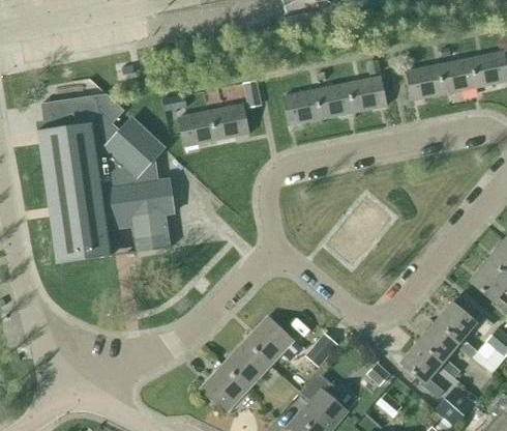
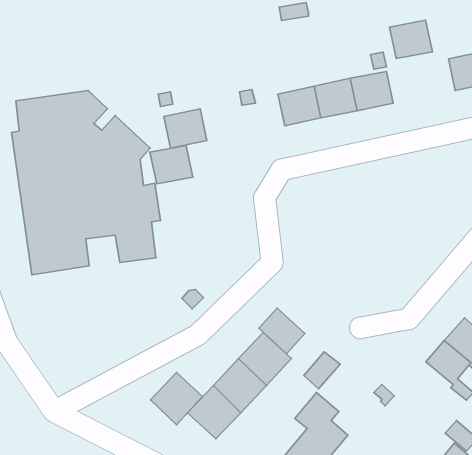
building: [406,64,445,99] -> [389,20,432,59]
building: [211,104,250,139] -> [150,145,193,184]
building: none -> [259,308,305,354]
building: [401,342,444,397] -> none
building: none -> [151,373,203,425]

